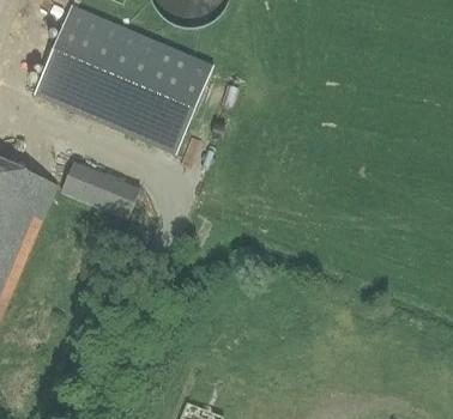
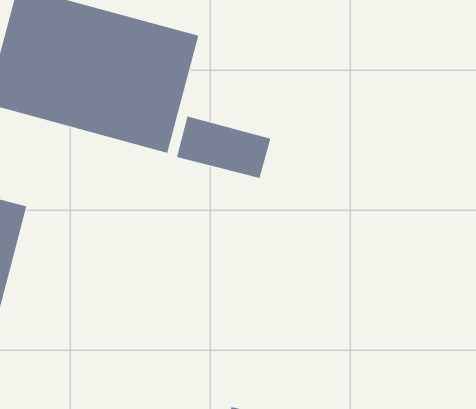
building: [59,159,138,218] -> [176,116,271,178]

